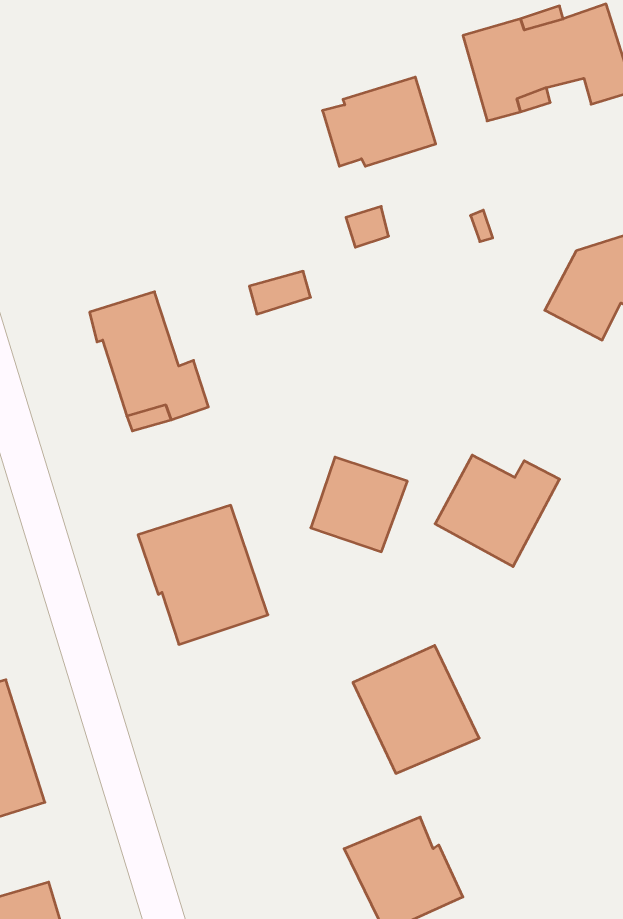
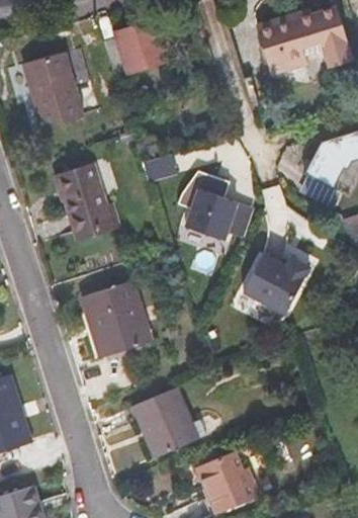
building: [322,77,436,166] -> [105,23,167,72]
building: none -> [28,52,84,130]
building: [311,457,407,552] -> [187,188,240,240]
building: [353,645,479,773] -> [131,387,200,457]

